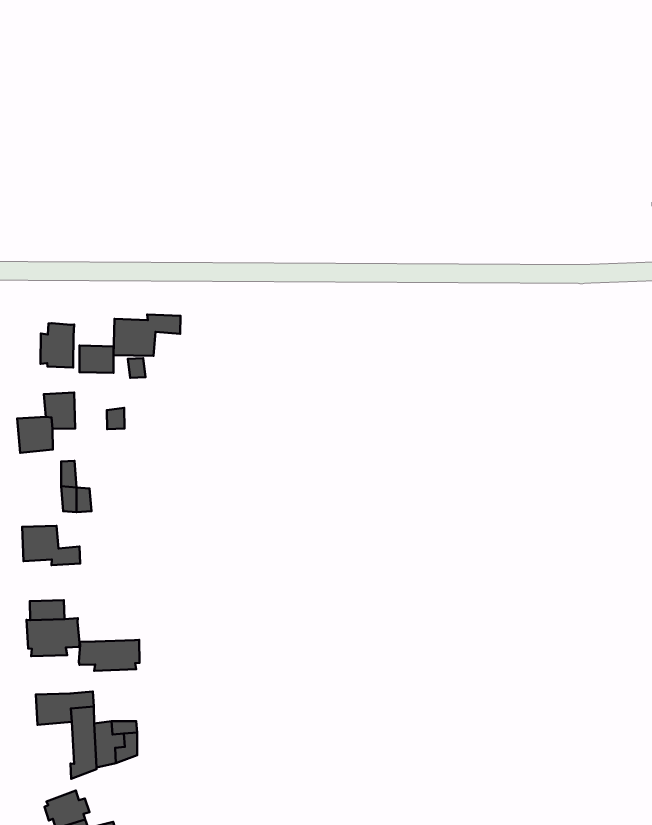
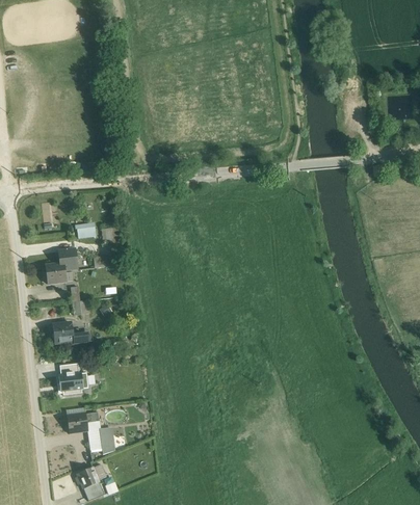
building: [114,314,181,356] -> none
building: [40,323,74,367] -> none
building: [79,640,139,671] -> none

